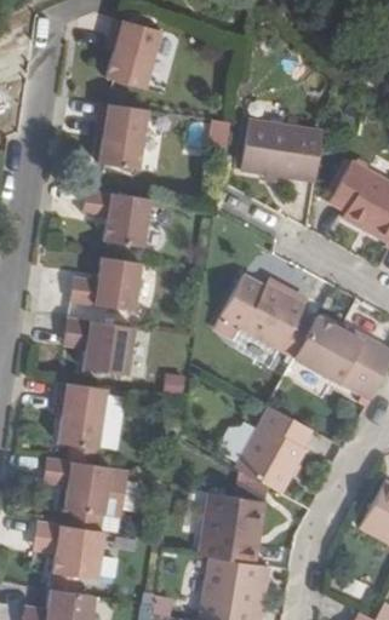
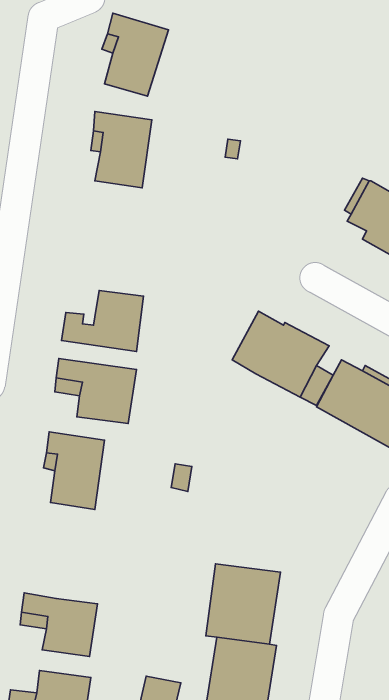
building: [235,116,316,176] -> none
building: [87,189,154,243] -> none
building: [238,409,313,495] -> none
building: [46,457,130,530] -> none

